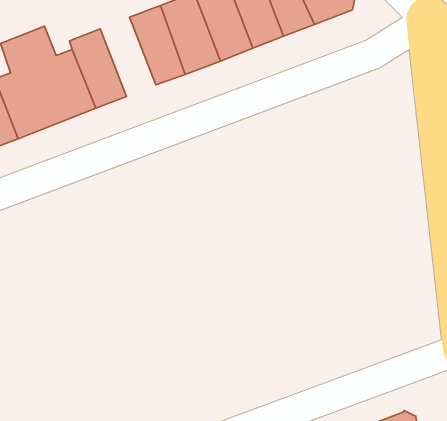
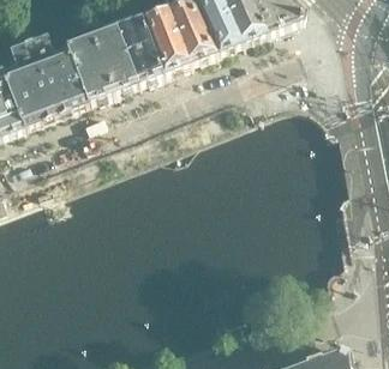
building: none -> [90,23,136,87]

